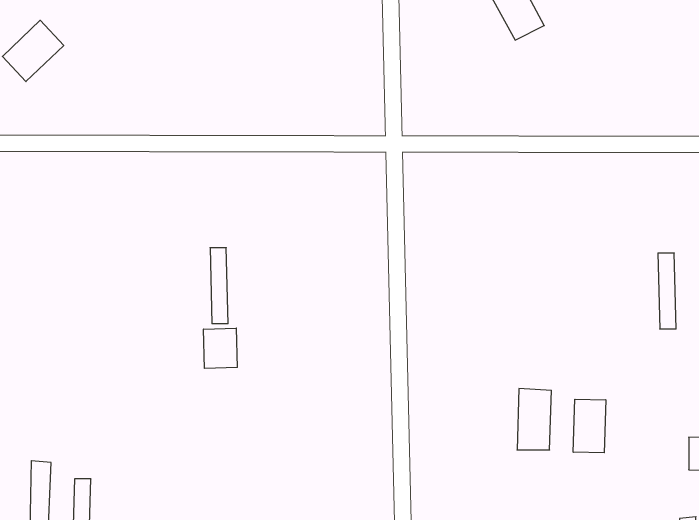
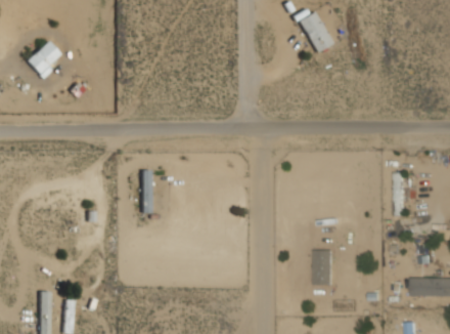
building: [204,328,237,368] -> none
building: [573,399,606,453] -> none

